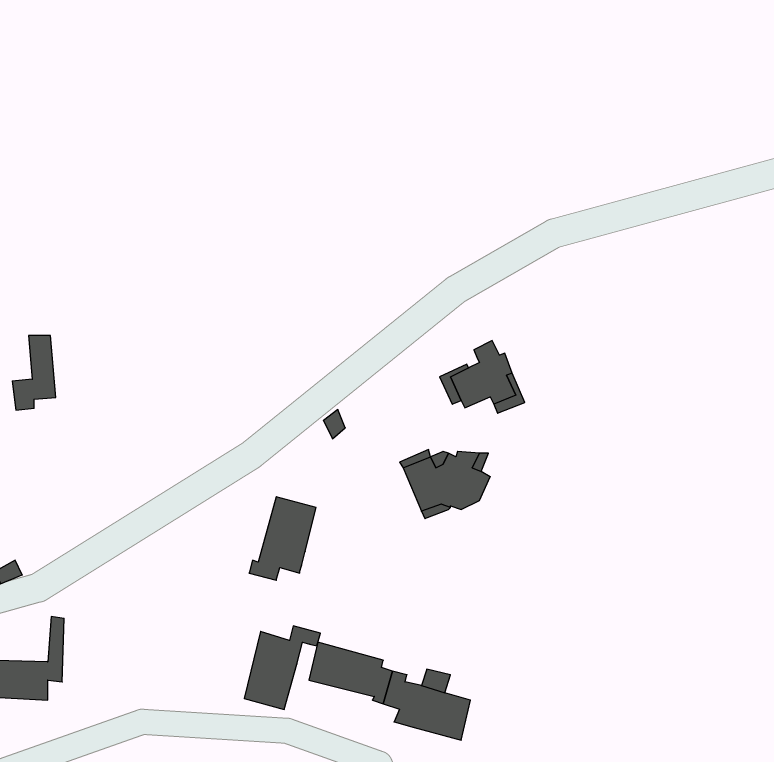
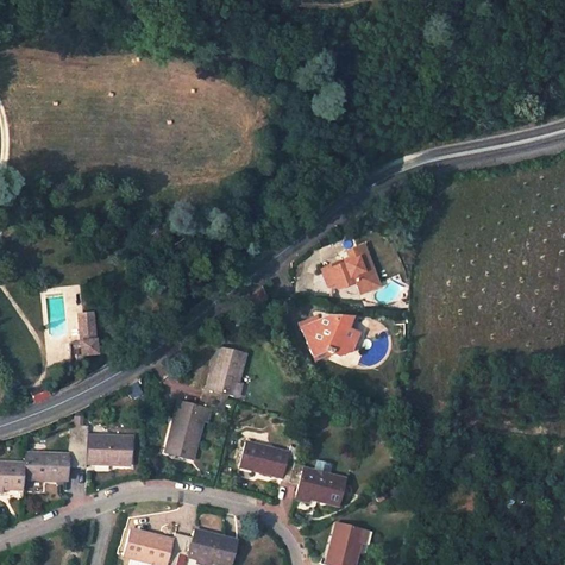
building: [12,336,56,410] -> [68,314,96,363]
building: none -> [79,426,132,467]
building: [244,626,320,709] -> [169,396,219,451]

